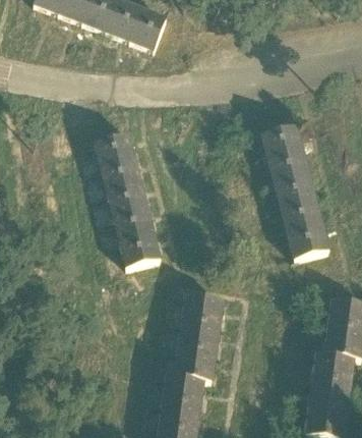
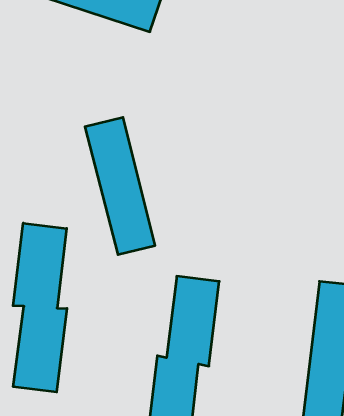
building: [263,123,328,258] -> none
building: none -> [13,223,67,392]

